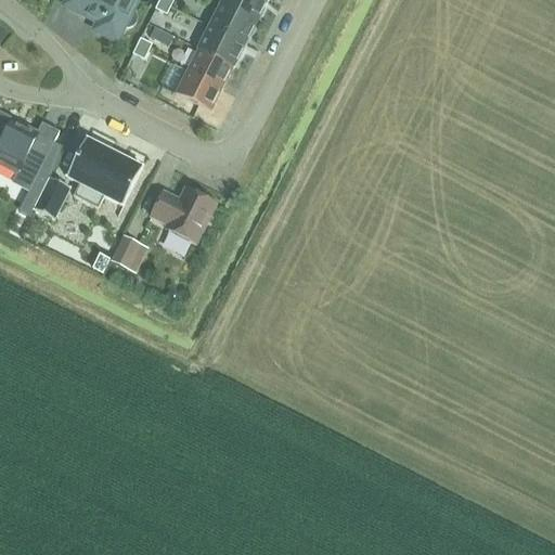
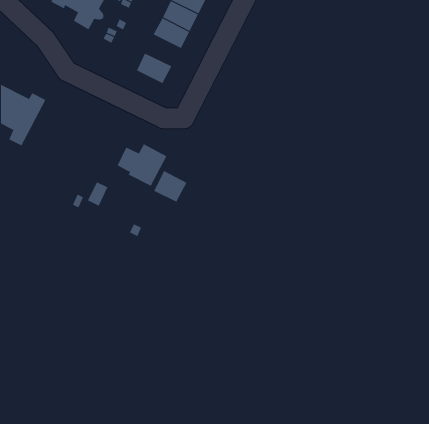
building: [186,44,234,86] -> none
building: [66,135,142,205] -> none
building: [34,176,69,217] -> none
building: none -> [154,170,187,203]

